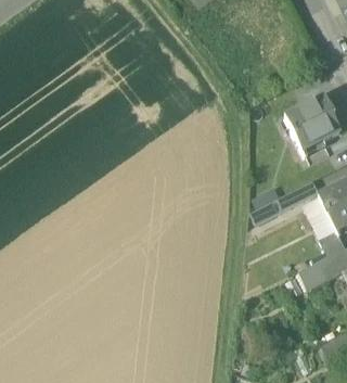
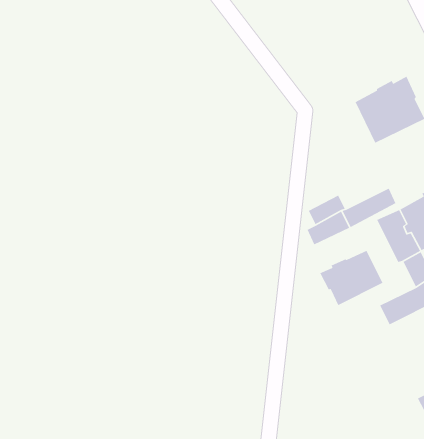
building: none -> [319,250,383,306]

